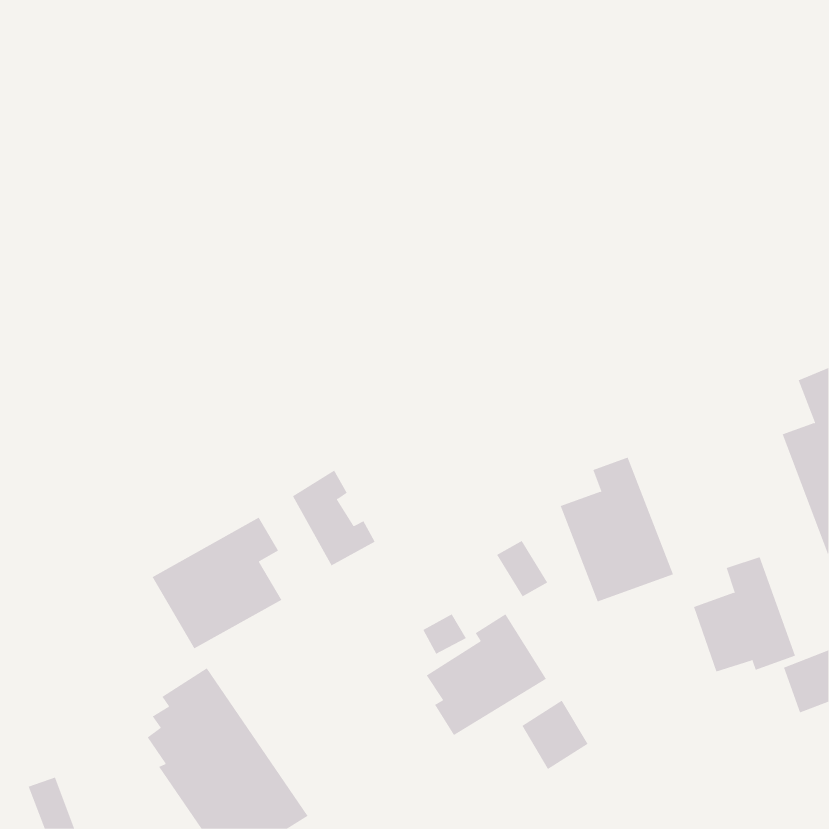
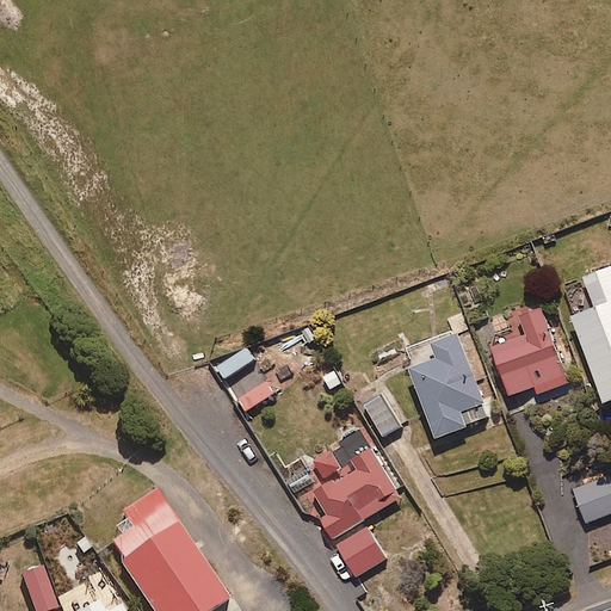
building: [152,517,282,649] -> none
building: [693,556,796,672] -> [493,310,568,395]
building: [522,700,588,770] -> [337,526,385,578]

